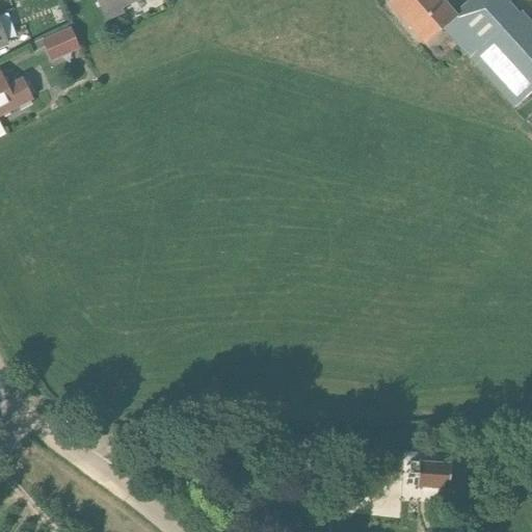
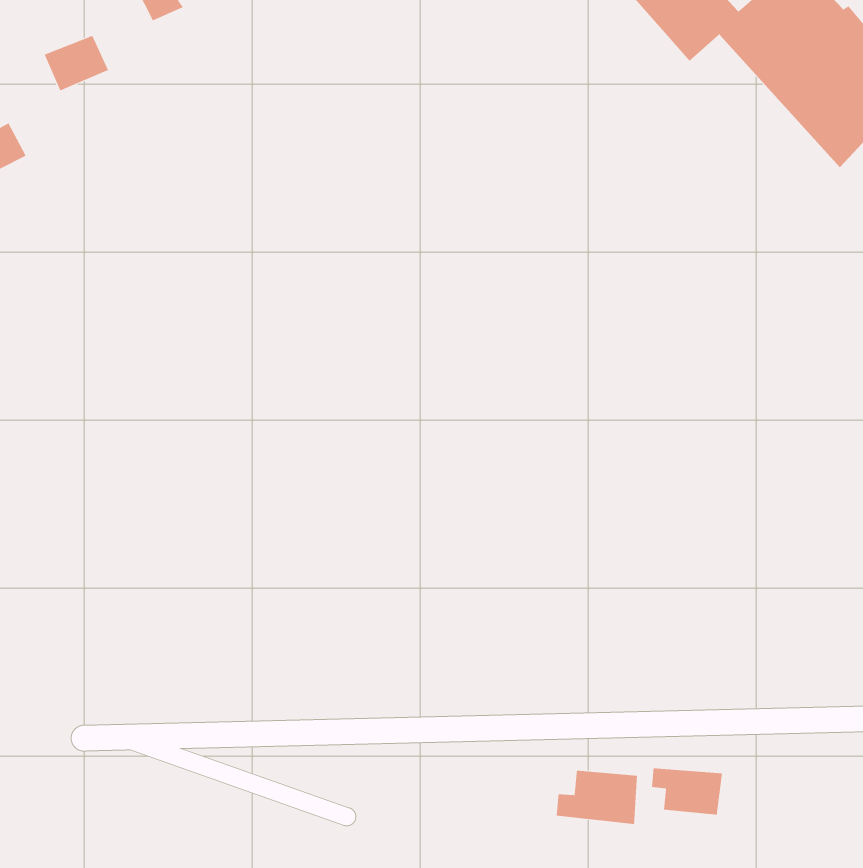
building: none -> [556,770,637,825]

